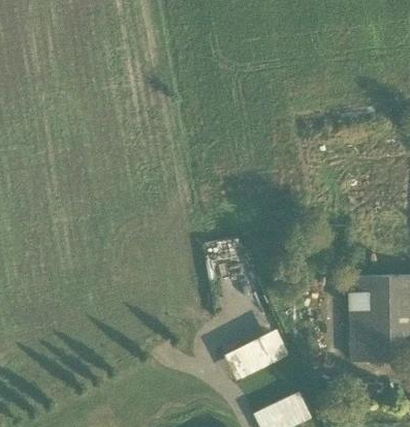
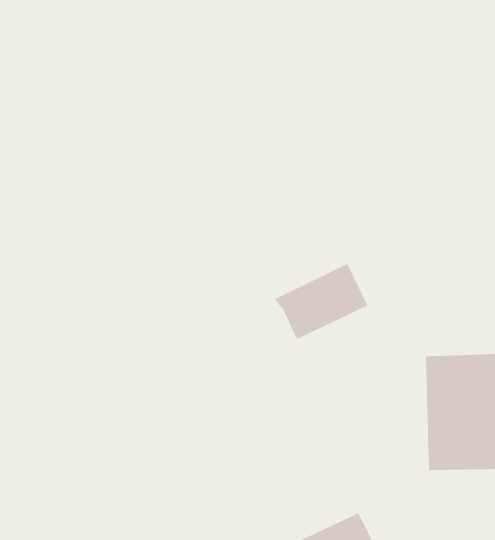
building: [219,323,289,380] -> [274,263,368,340]

